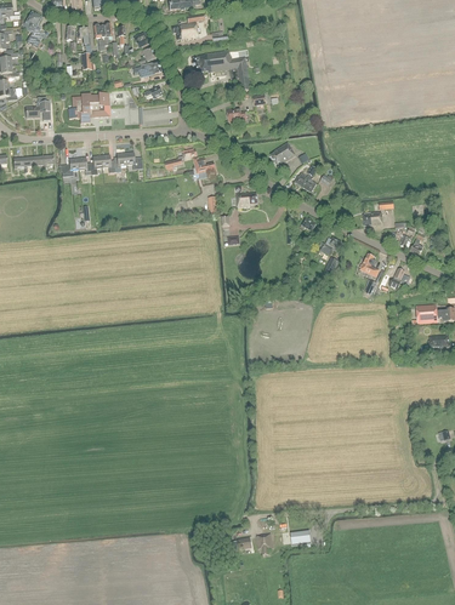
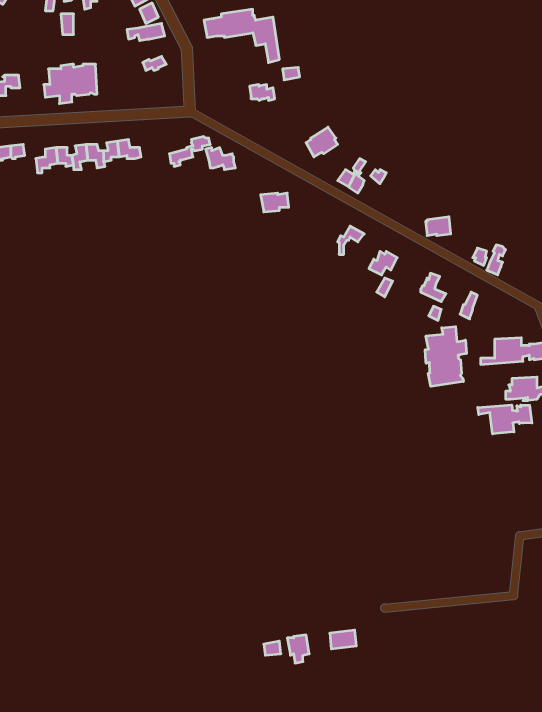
building: none -> [425,327,466,386]
building: none -> [478,405,532,434]

